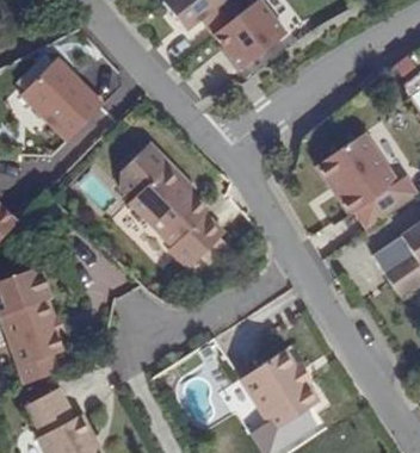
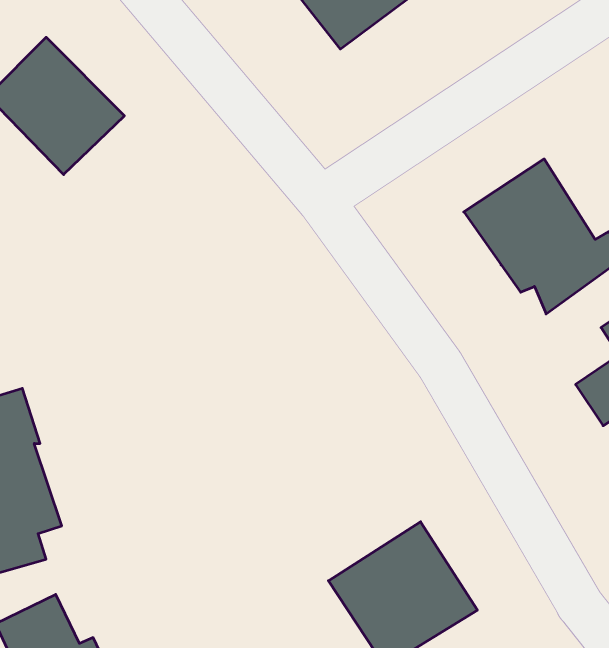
building: [111,157,224,274] -> none

